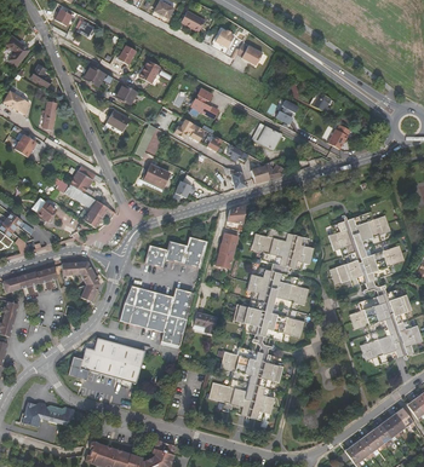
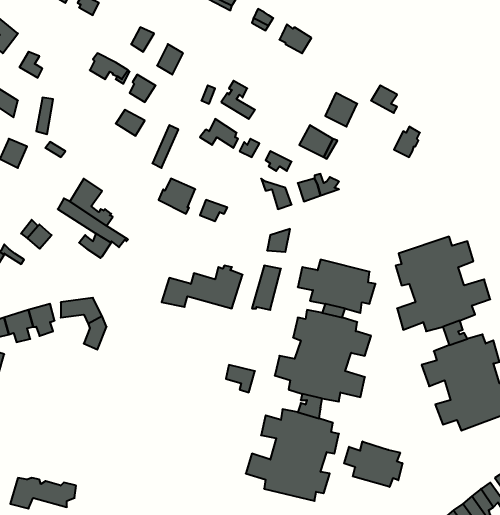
building: [119,284,193,345] -> none
building: [68,336,144,381] -> none
building: none -> [344,441,402,487]

